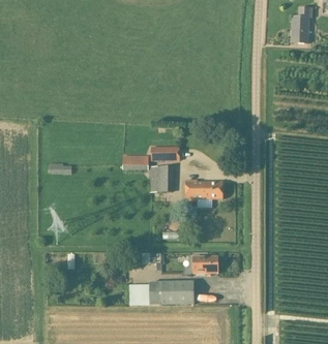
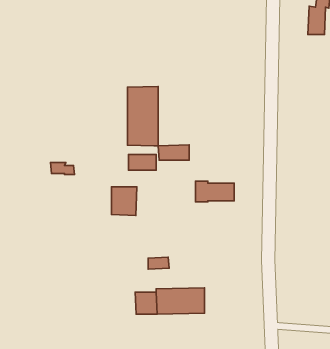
building: none -> [127,86,158,146]
building: [149,165,173,192] -> [111,187,137,215]
building: [182,256,217,274] -> none

